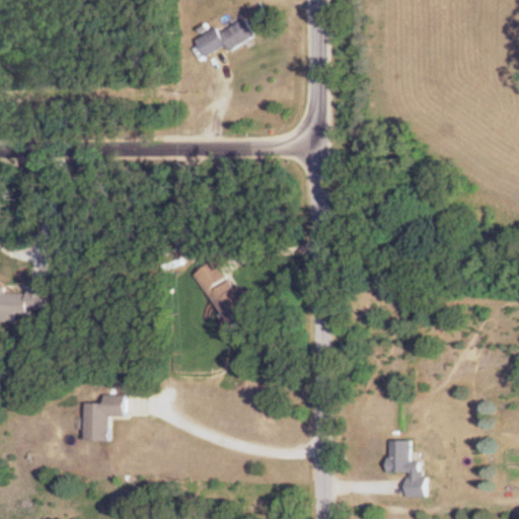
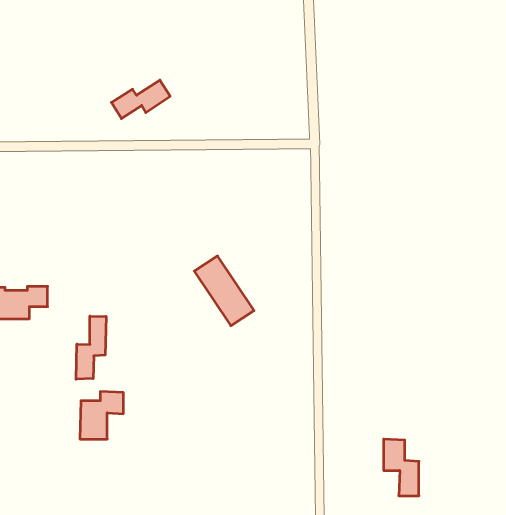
building: [193,18,251,57] -> [111,80,170,119]
building: none -> [76,316,106,379]

